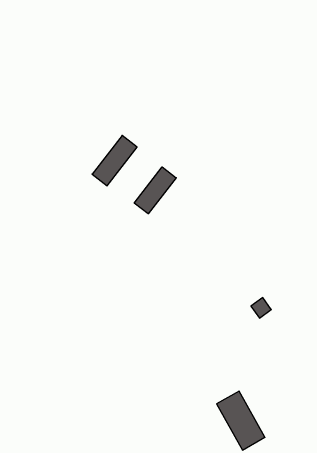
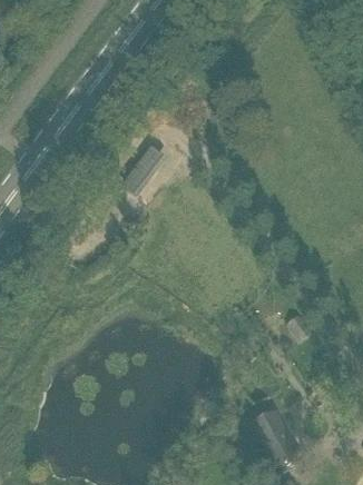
building: [134,167,176,214] -> none

